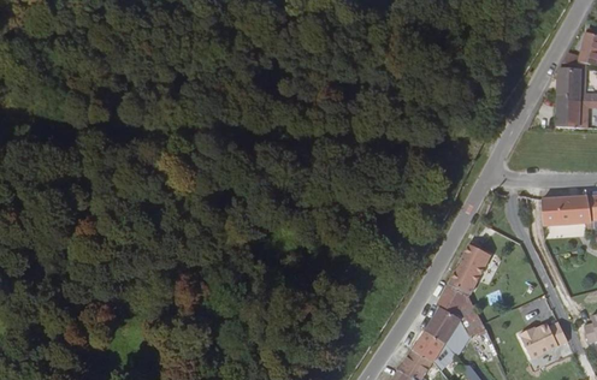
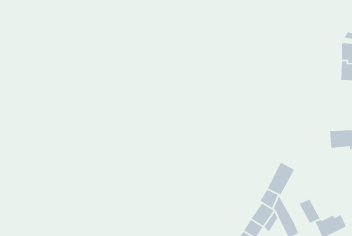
building: none -> [299,199,321,224]

